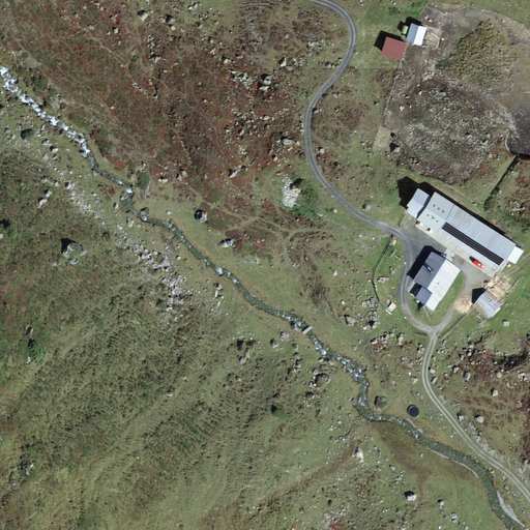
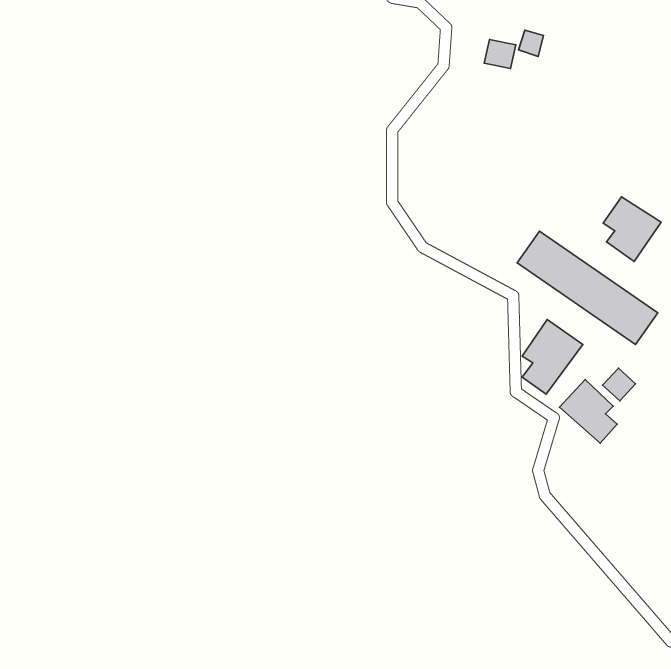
building: none -> [603,197,661,262]
building: none -> [559,379,617,443]

